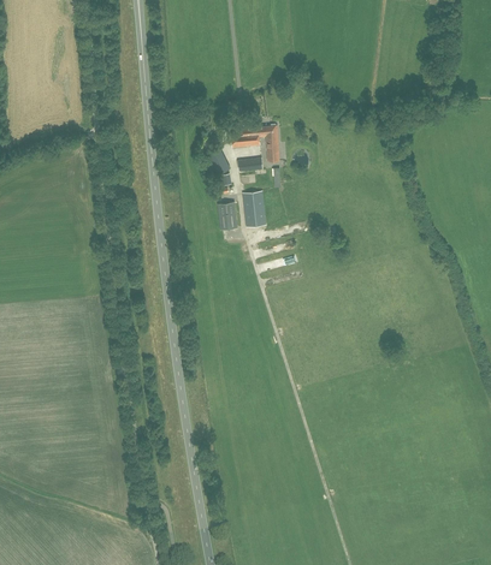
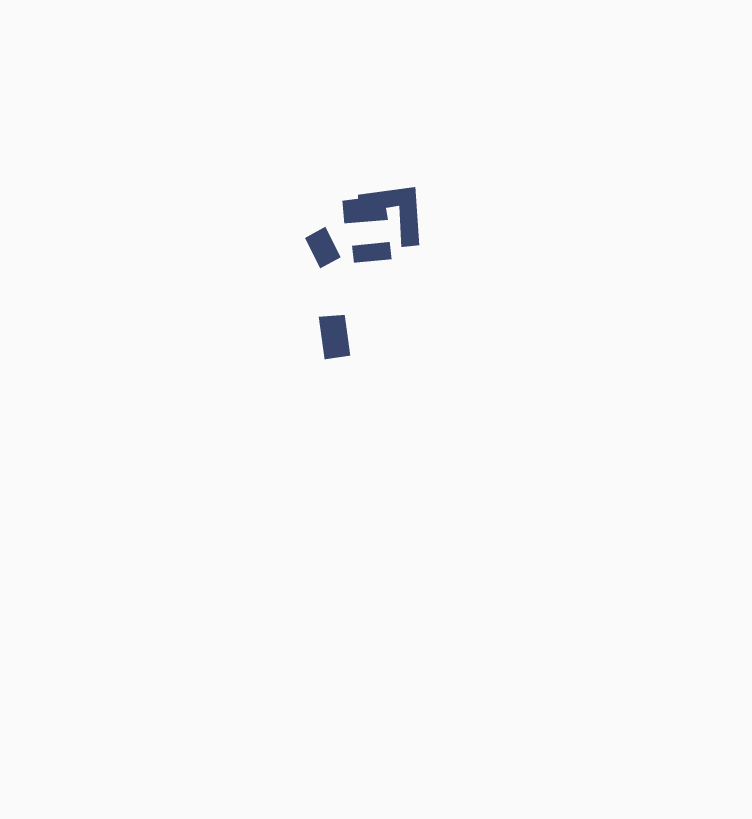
building: [243,192,267,228] -> none

